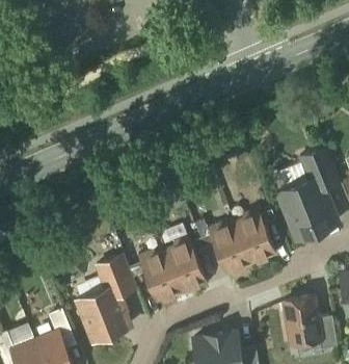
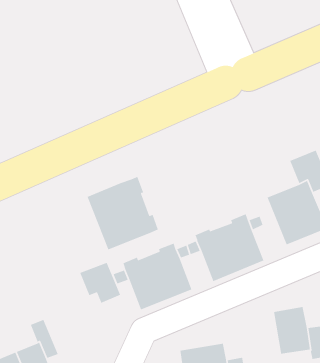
building: none -> [86,176,159,251]
building: [76,285,129,340] -> none

